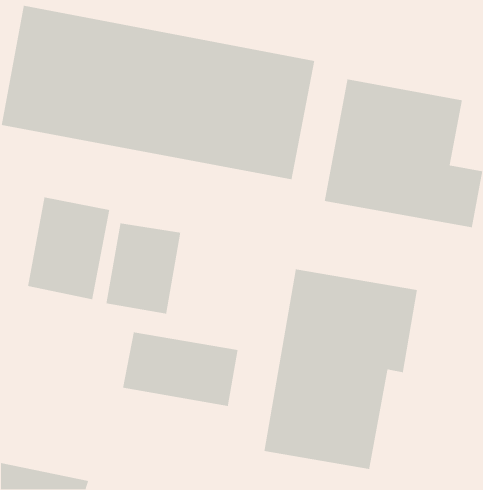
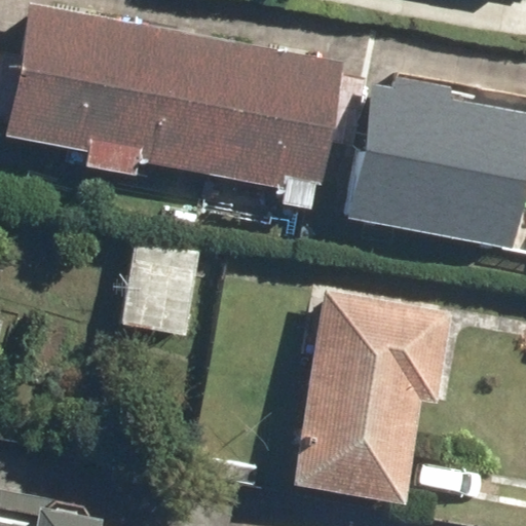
building: [27,197,110,300] -> none
building: [122,332,239,407] -> none

